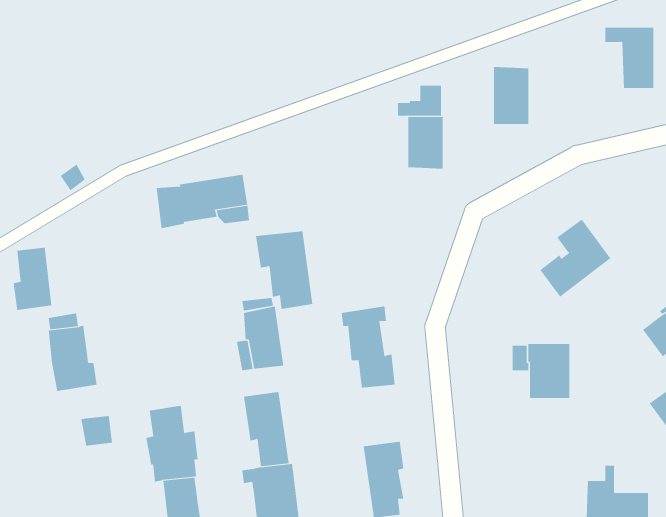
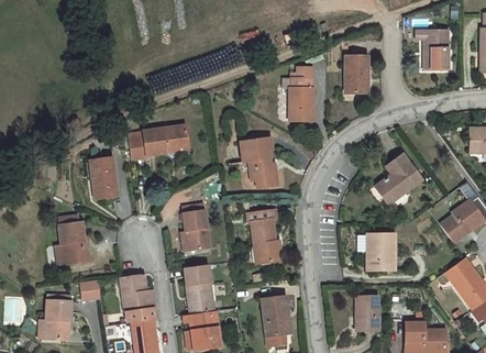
building: [255,231,313,309] -> [240,139,277,189]
building: [13,247,52,310] -> [91,158,117,199]
building: none -> [355,297,377,331]
building: none -> [45,300,69,340]

